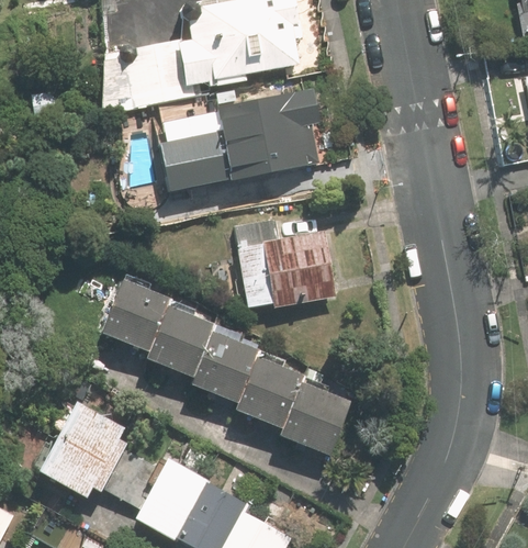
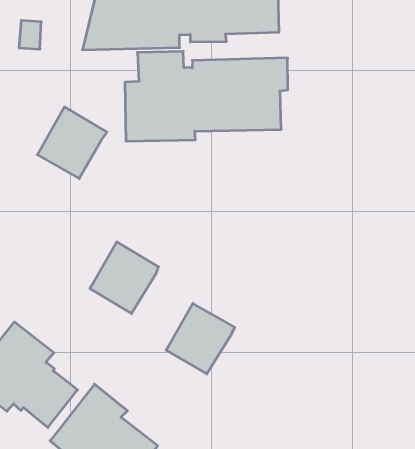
building: [236,210,339,309] -> none
building: [106,278,175,349] -> [37,107,107,179]
building: [194,331,262,403] -> none
building: [283,381,355,454] -> none

